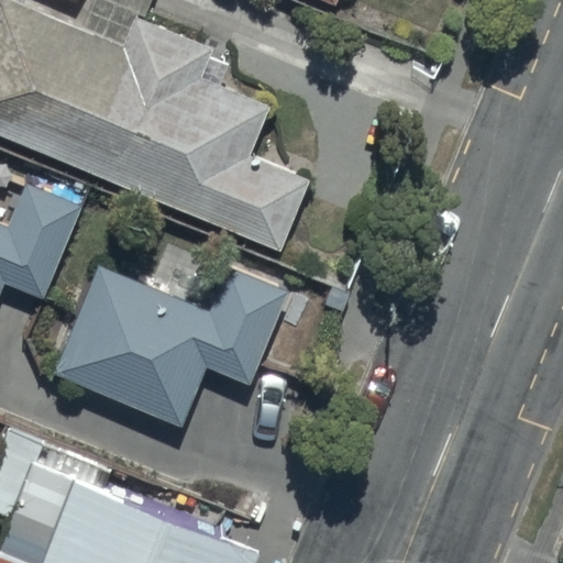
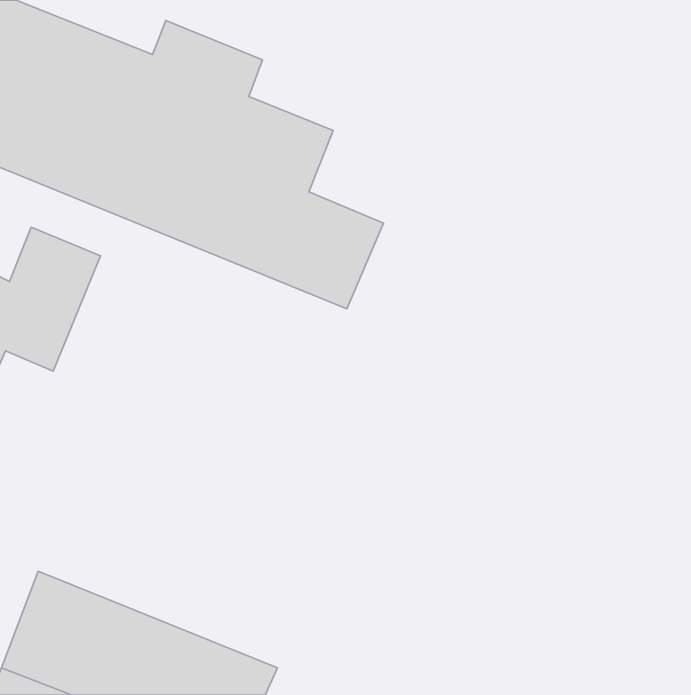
building: [52,265,289,428] -> none

